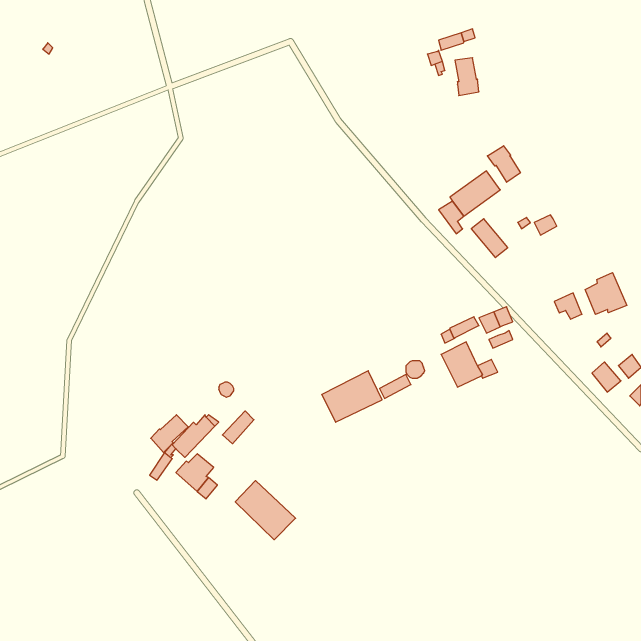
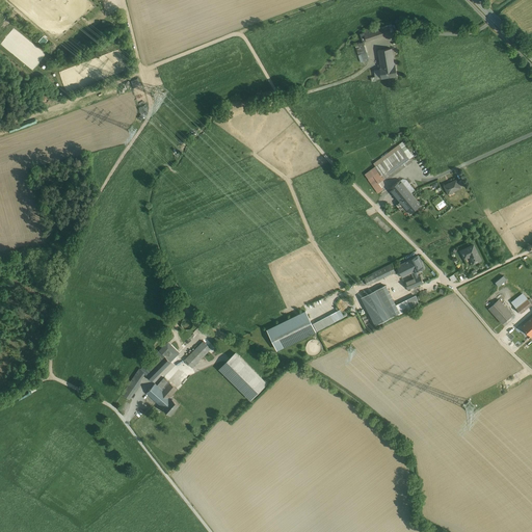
building: [487,146,520,182] -> none
building: [585,273,627,314] -> none
building: [151,415,188,453] -> none
building: [235,481,296,540] -> [218,352,268,401]

